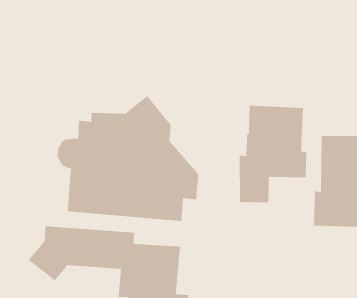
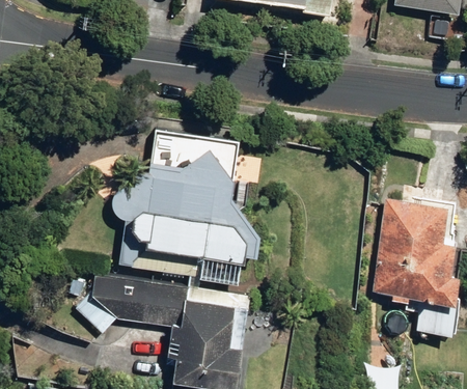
building: [239,105,307,203] -> none

